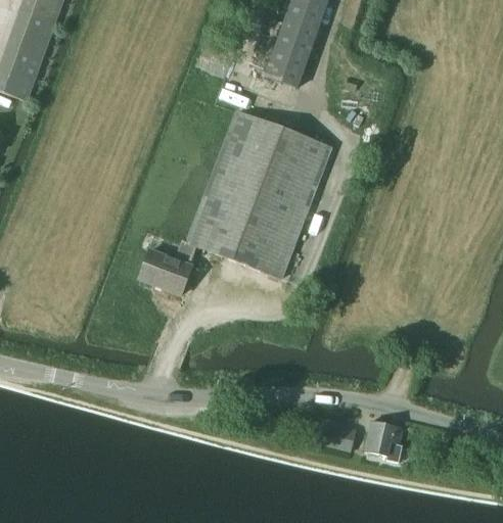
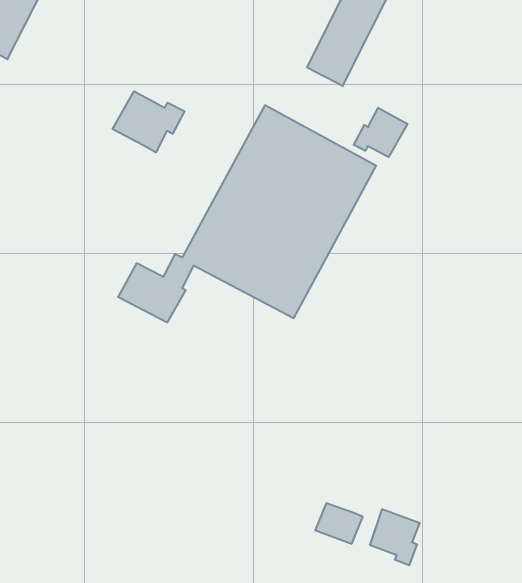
building: none -> [354,108,407,157]
building: none -> [113,91,185,152]

